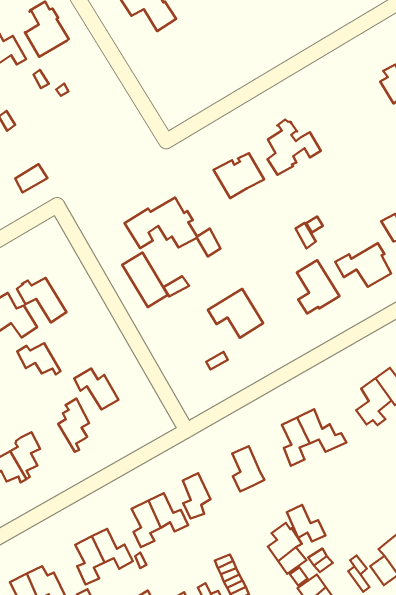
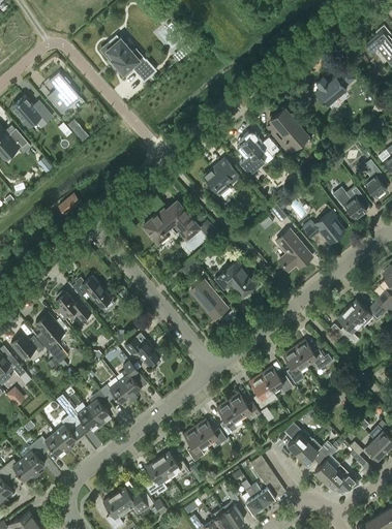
building: none -> [267,110,308,154]
building: [122,253,168,307] -> [190,280,228,319]
building: [17,343,61,375] -> [100,381,134,404]
building: none -> [228,393,260,419]
building: [287,505,325,542] -> [262,368,293,394]

